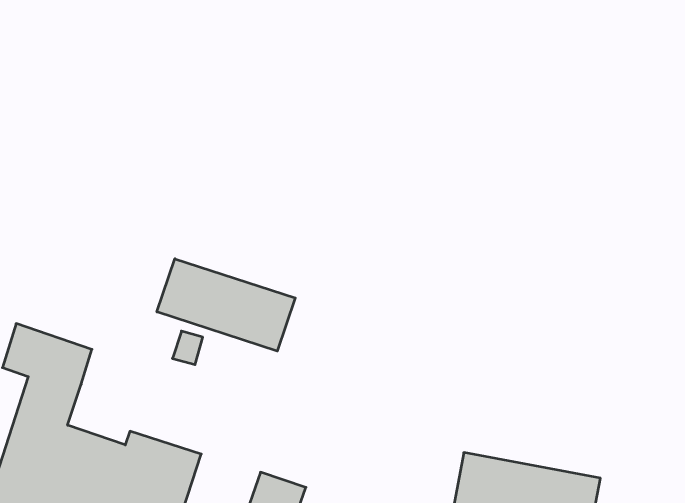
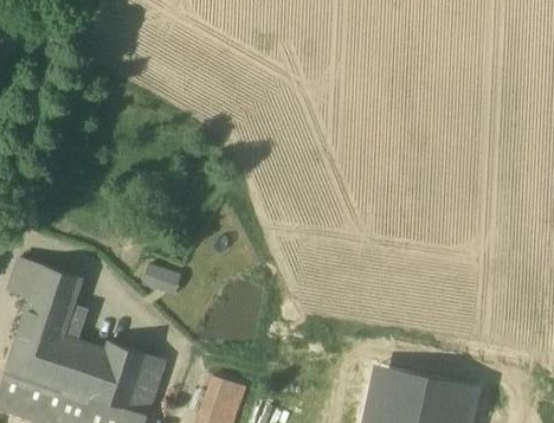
building: [157,259,295,351] -> none

